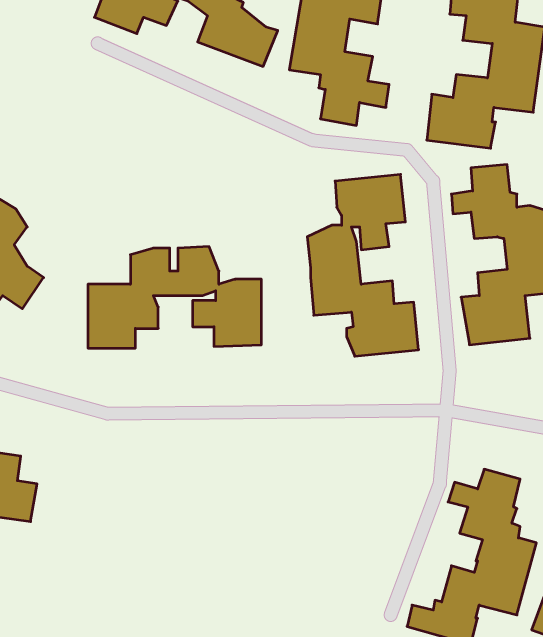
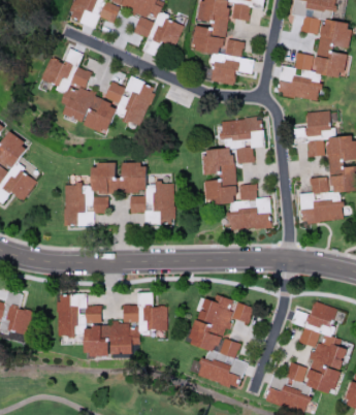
building: none -> [41,49,156,131]
building: none -> [57,291,167,355]
building: none -> [188,294,253,387]

